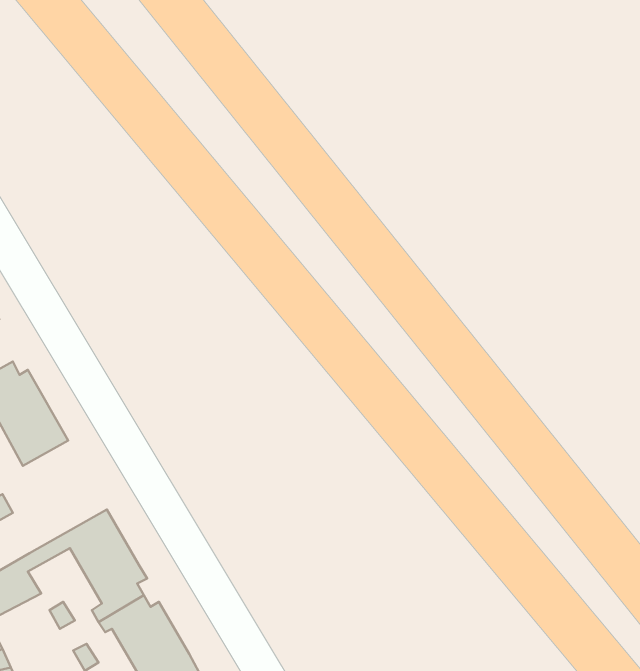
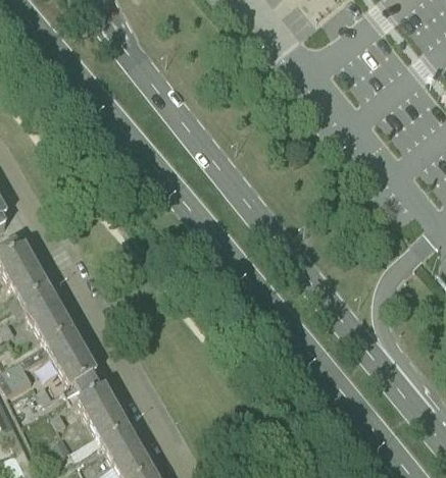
building: none -> [17,289,77,358]

